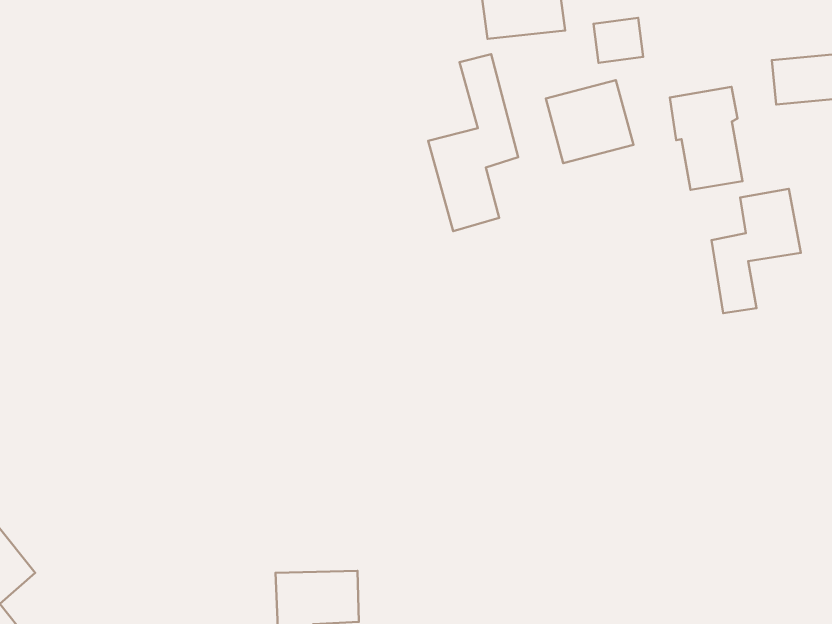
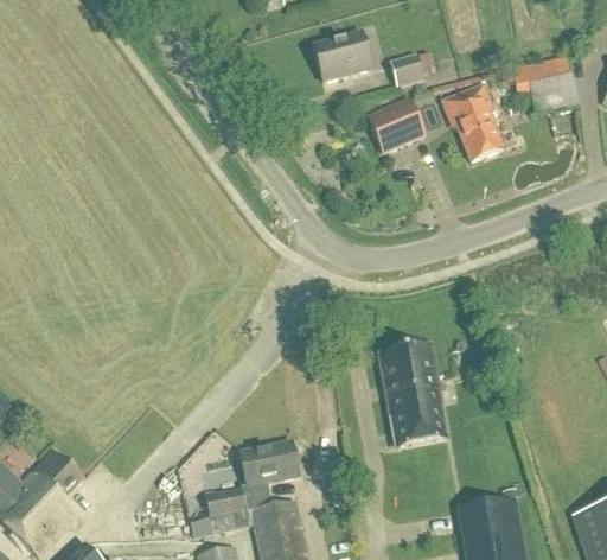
building: [428,54,518,231] -> none
building: [711,189,801,313] -> none
building: none -> [379,344,446,441]

